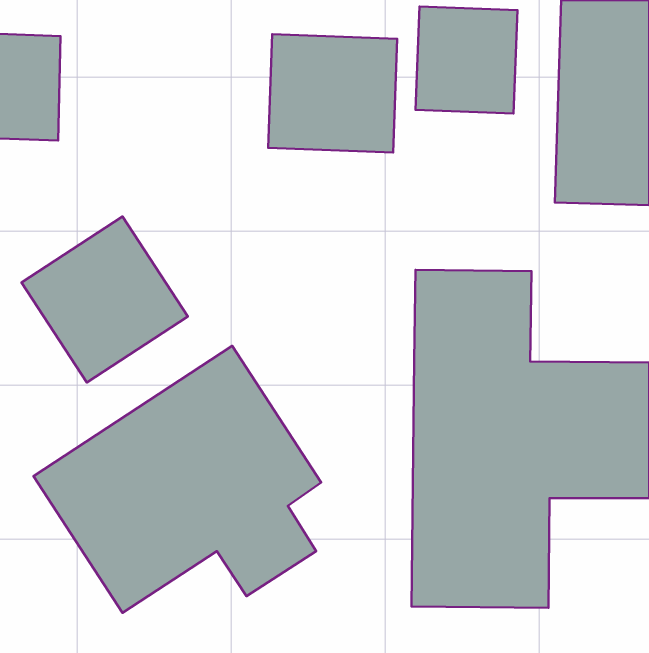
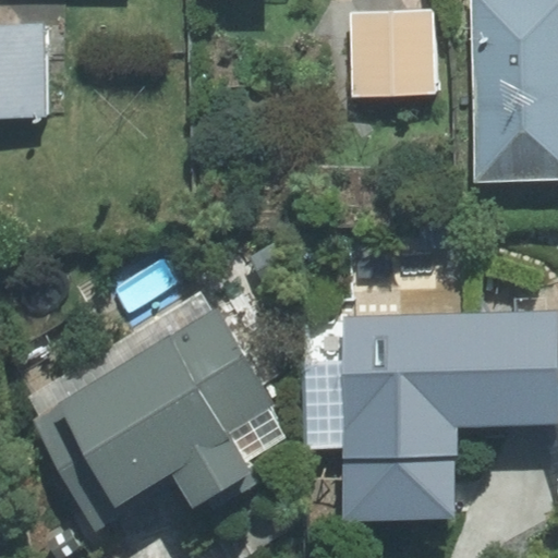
building: [268,34,397,152] -> none
building: [22,217,188,382] -> none

